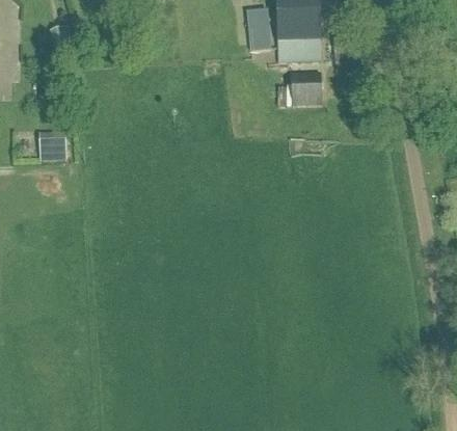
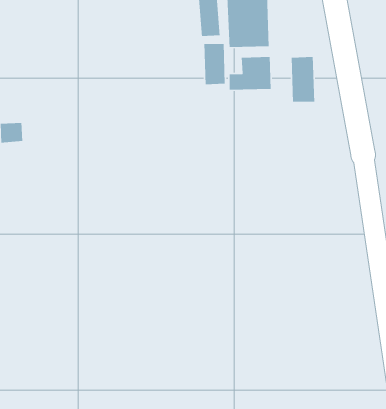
building: none -> [203,43,226,85]
building: none -> [291,56,315,103]

